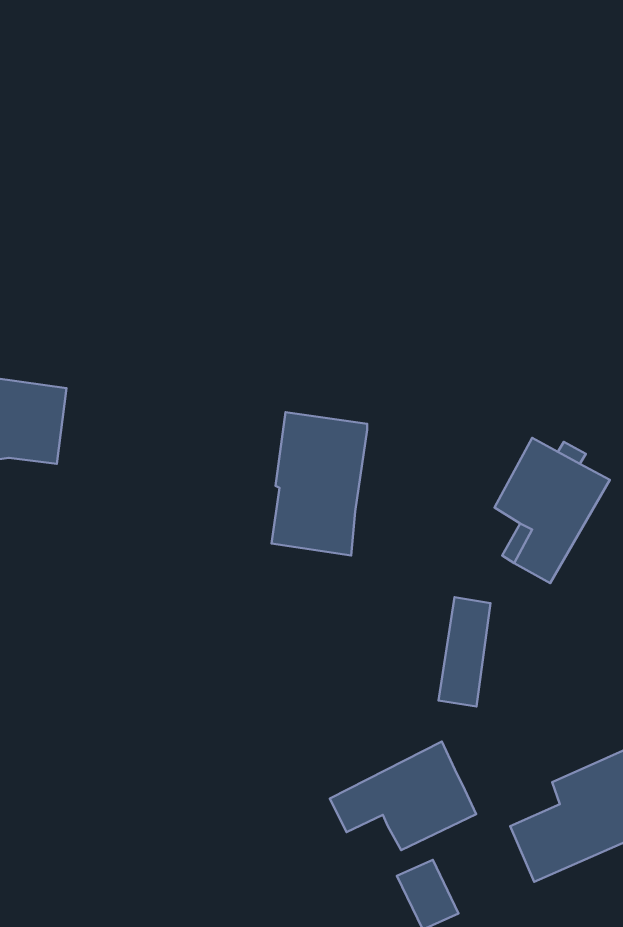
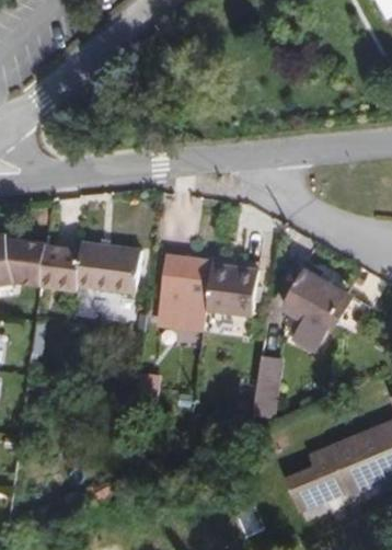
building: none -> [41,244,140,294]
building: none -> [205,265,257,317]
building: [330,741,476,850] -> none

